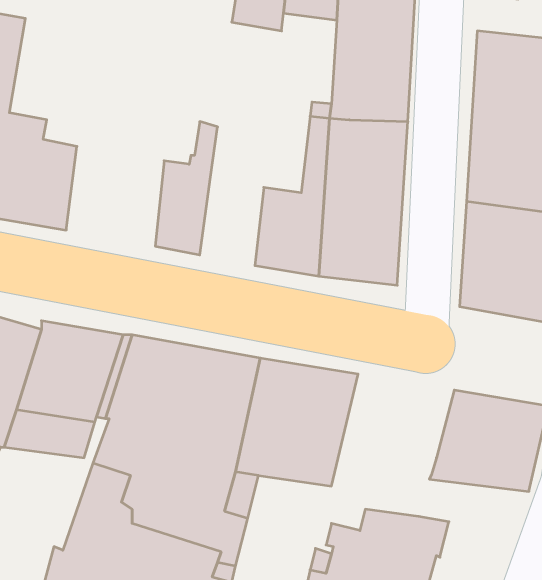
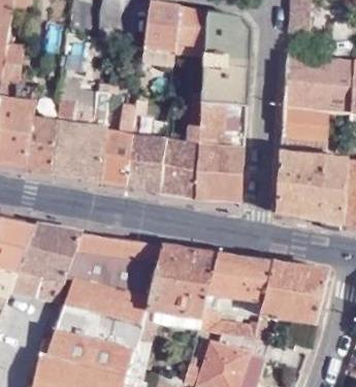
building: none -> [47,92,108,179]
building: none -> [125,122,165,190]
building: none -> [199,253,272,335]

